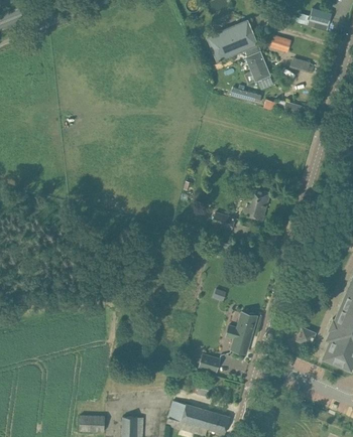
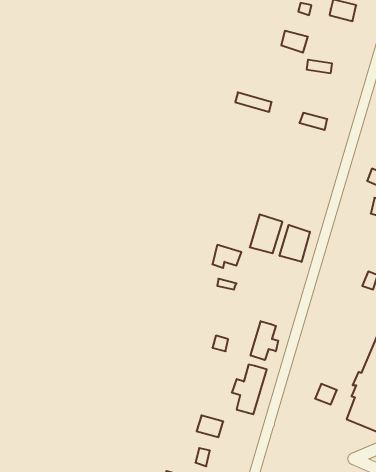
building: [208,20,270,85] -> none
building: none -> [280,225,310,262]
building: none -> [251,321,278,360]

